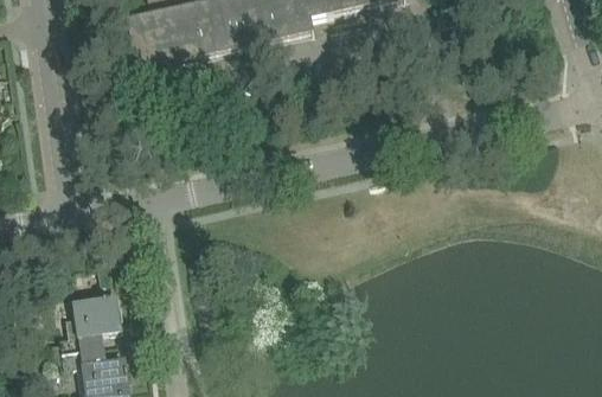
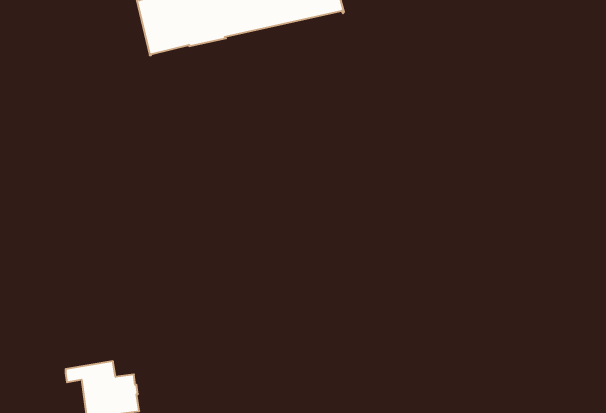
building: [59,294,120,352] -> none

